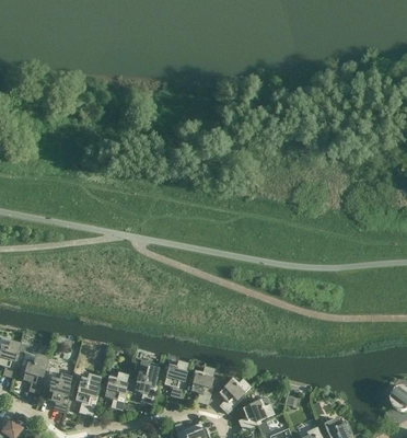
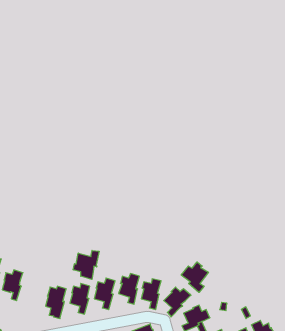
building: none -> [73,250,99,279]
building: none -> [181,262,208,292]
building: [42,373,71,412] -> none

